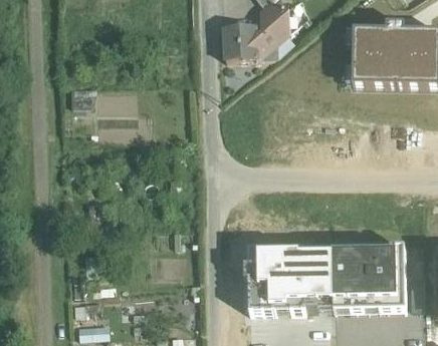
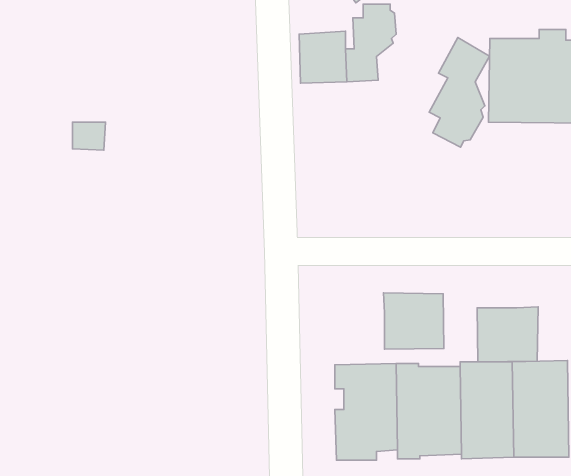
building: none -> [429,37,490,147]
building: none -> [383,293,444,349]
building: none -> [477,307,538,362]

